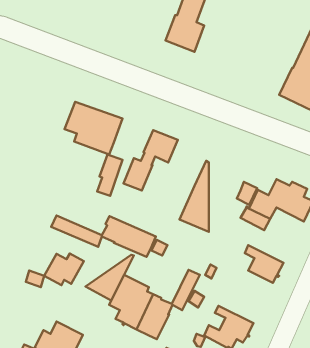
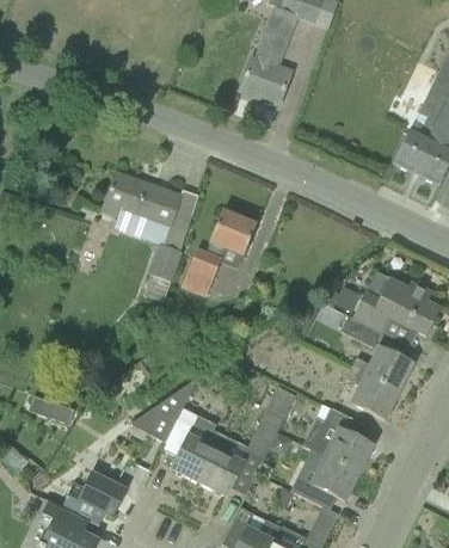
building: [179,161,209,232] -> none
building: [51,216,156,257] -> none
building: none -> [352,347,413,392]
building: [44,253,84,285] -> none
building: none -> [303,407,374,474]

